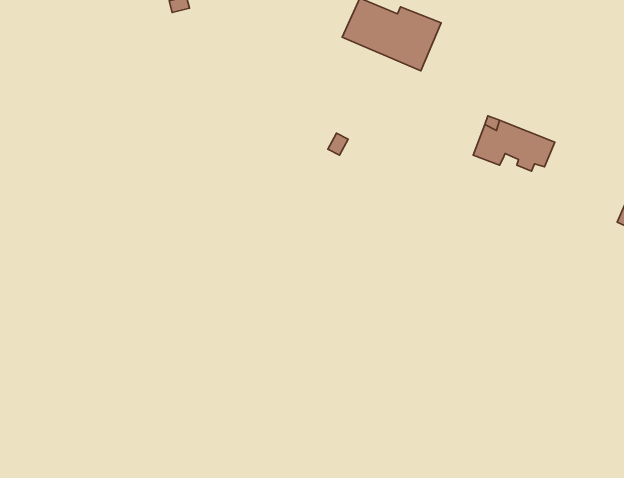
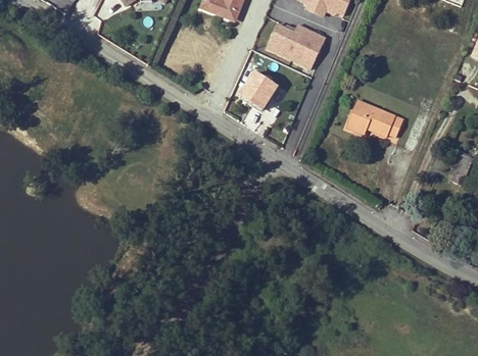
building: none -> [240,72,277,108]

